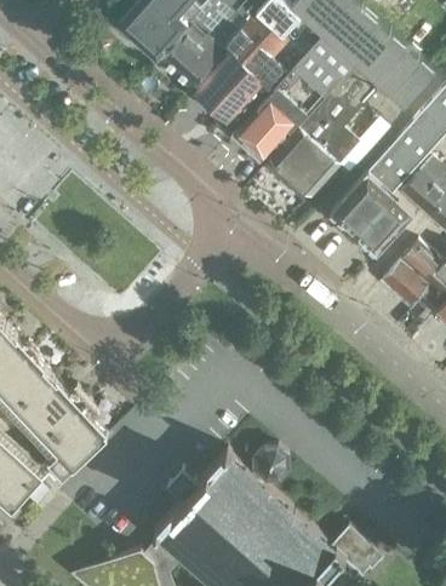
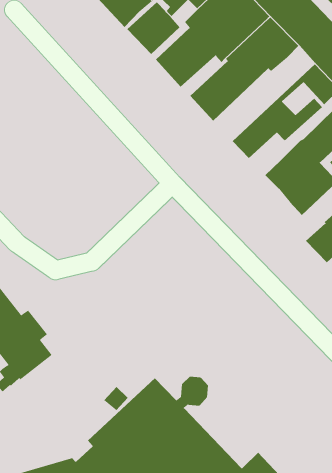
building: [270,67,376,180] -> none

